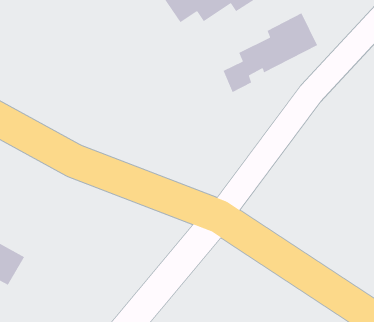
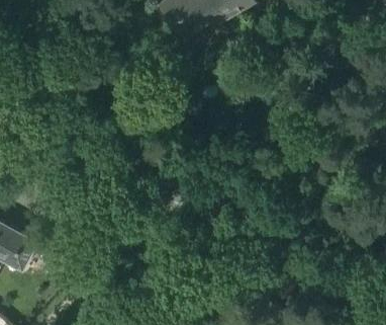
building: [223,12,318,93] -> none

